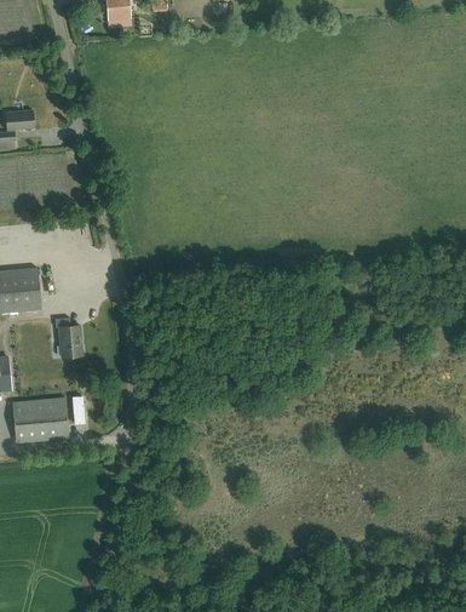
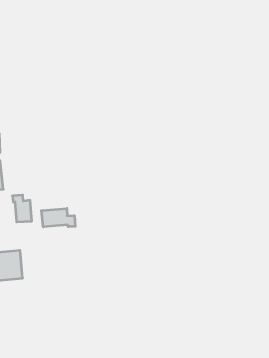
building: none -> [41,208,75,227]

